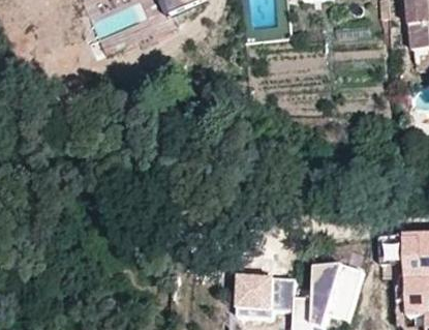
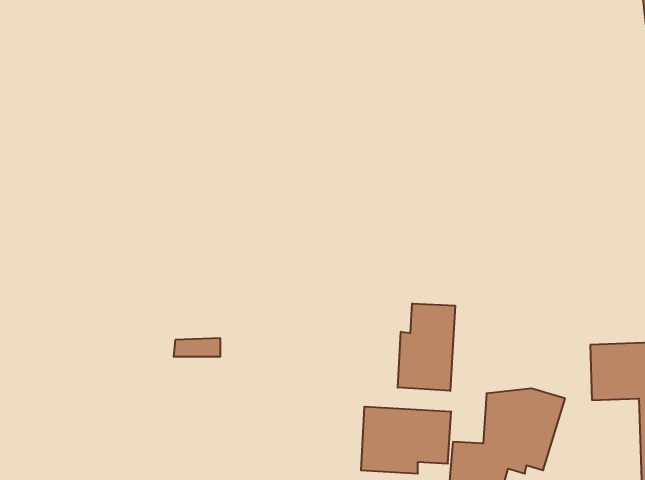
building: none -> [398,303,455,391]

